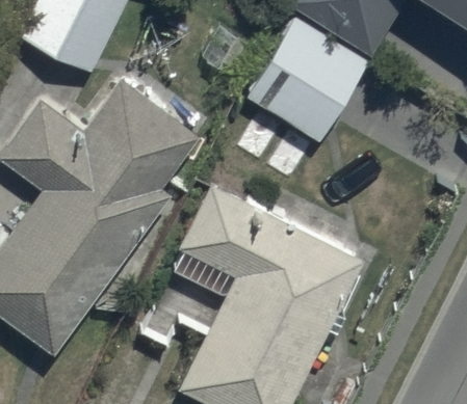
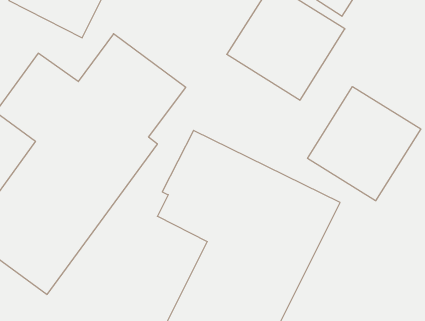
building: none -> [308,87,421,201]

